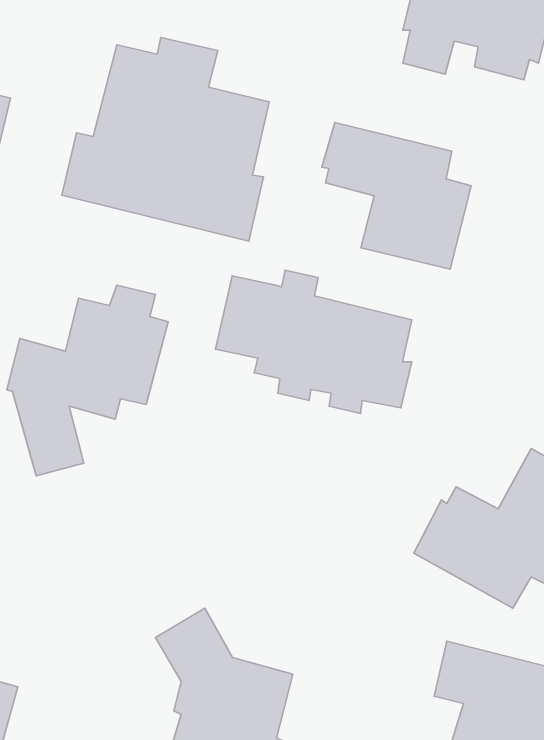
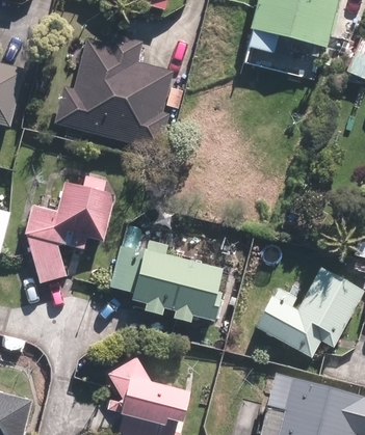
building: [322,123,471,269] -> none
building: [216,270,412,413] -> [109,242,220,323]

